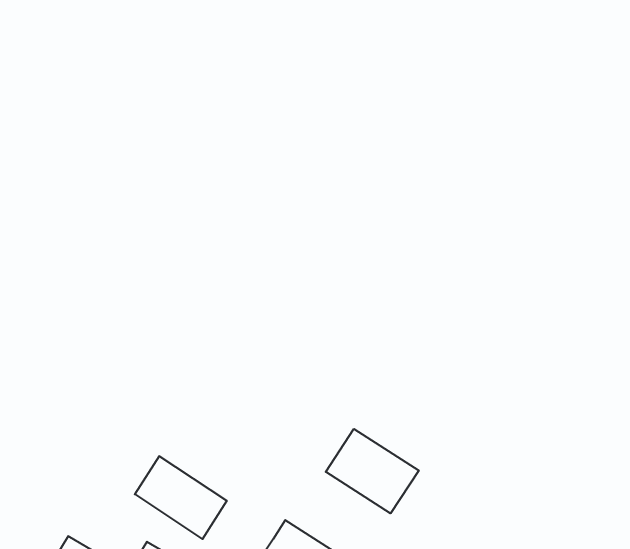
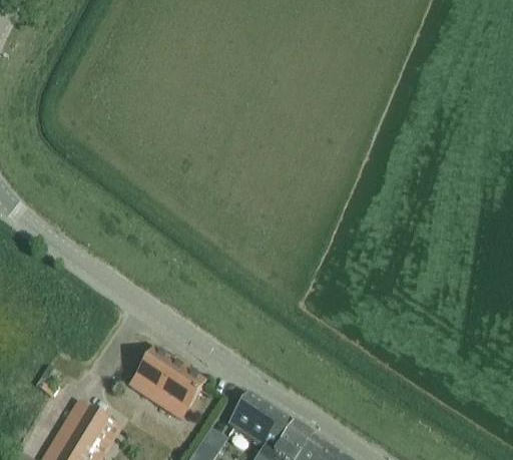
building: [326,429,419,513] -> none

